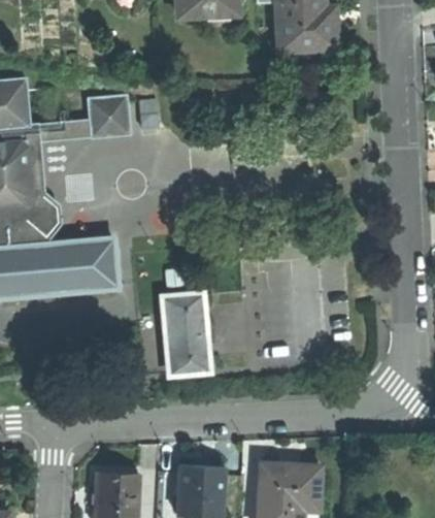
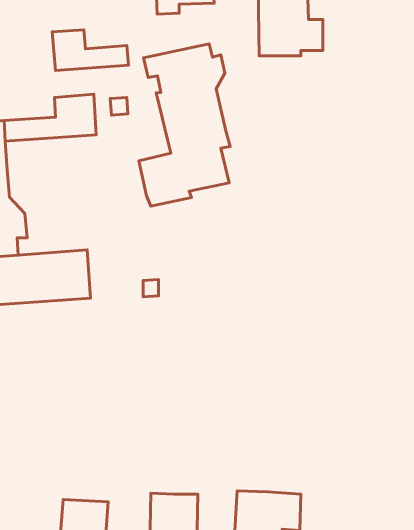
building: none -> [52,30,129,70]
building: none -> [139,44,230,206]
building: [166,293,210,370] -> none

